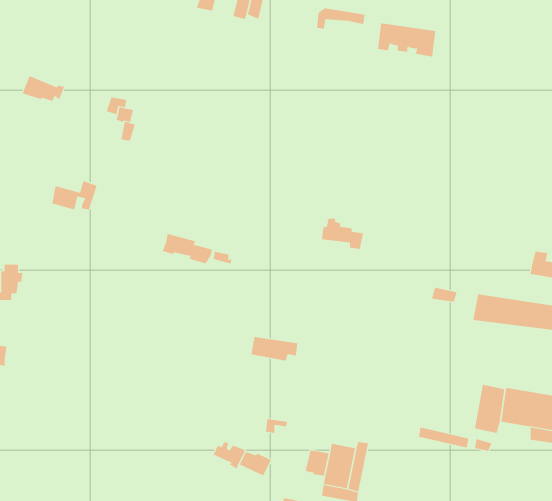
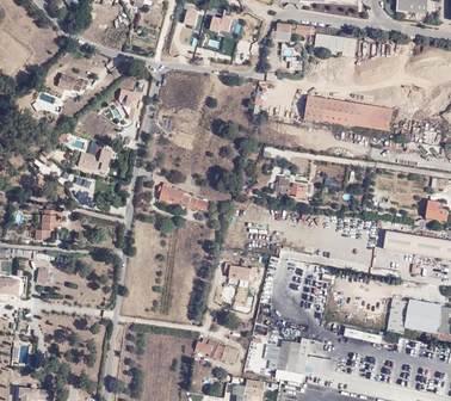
building: none -> [303,98,393,134]

